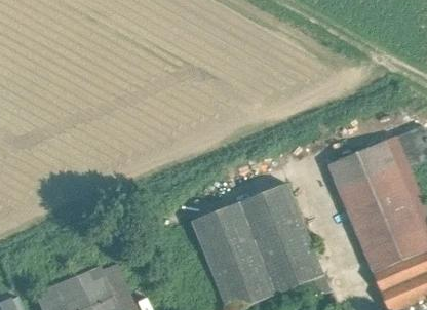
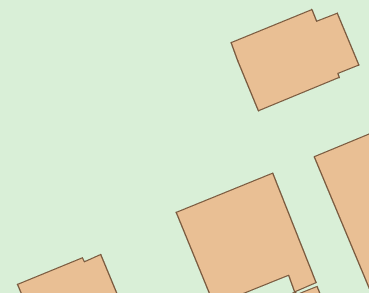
building: none -> [231,9,359,111]

